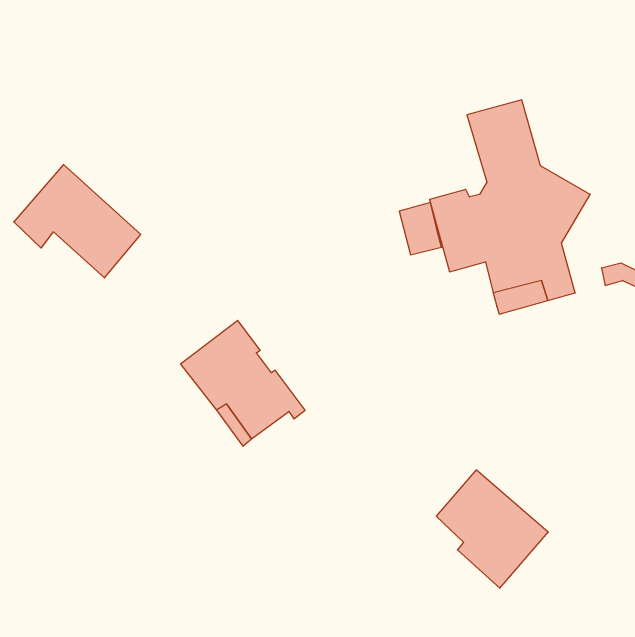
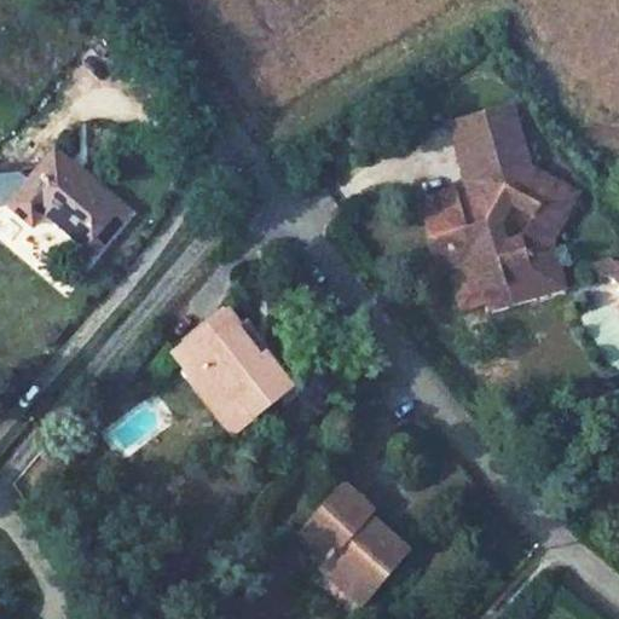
building: [399,202,442,255] -> [442,254,484,305]
building: [436,470,548,588] -> [306,484,415,598]

